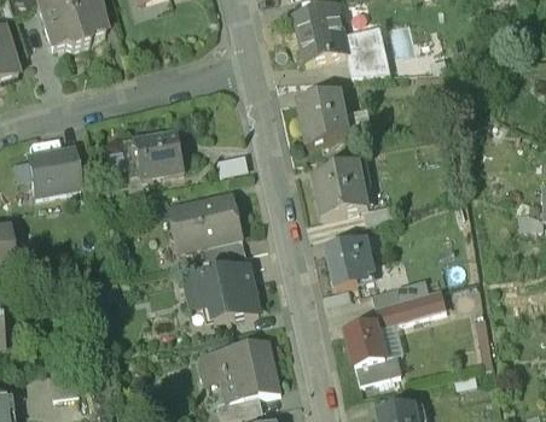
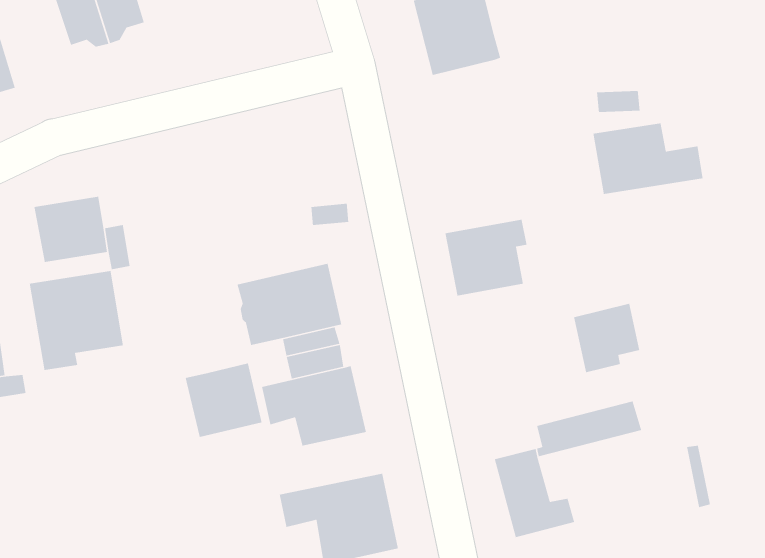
building: [344,27,390,76] -> none
building: [297,93,373,142] -> [592,123,704,195]
building: [123,130,182,177] -> none
building: none -> [29,270,124,371]
building: [325,238,371,286] -> [573,303,640,373]
building: none -> [185,362,263,438]

